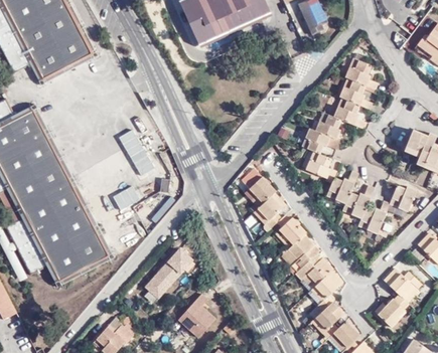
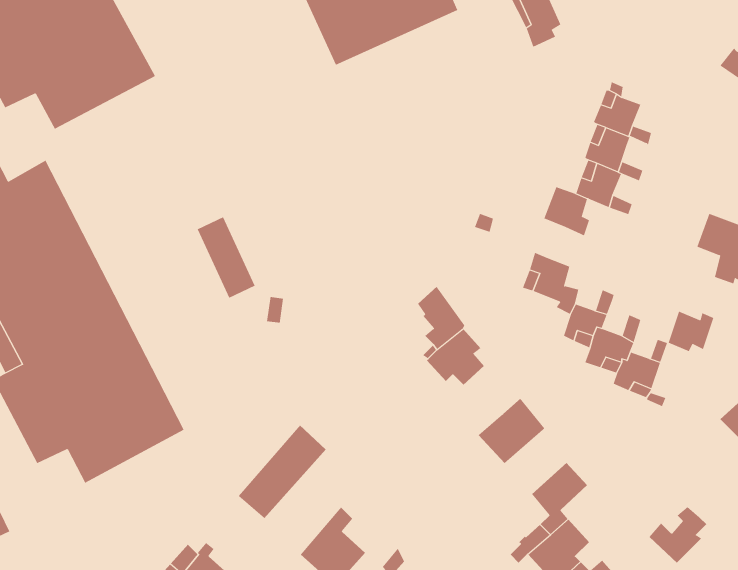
building: [301,128,329,154] -> none
building: [113,186,141,211] -> none
building: [269,215,305,242] -> none
building: [295,251,332,288] -> none
building: [384,269,418,301] -> none

